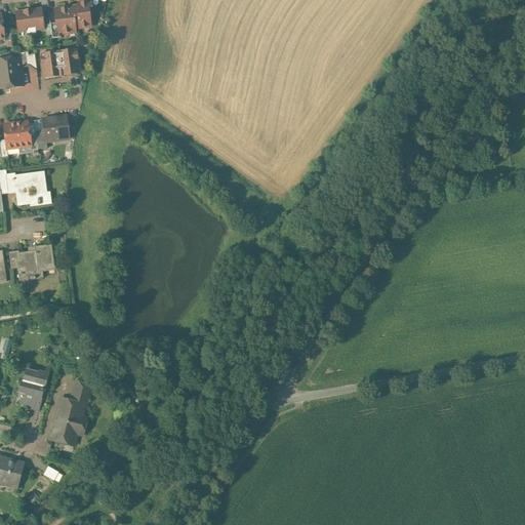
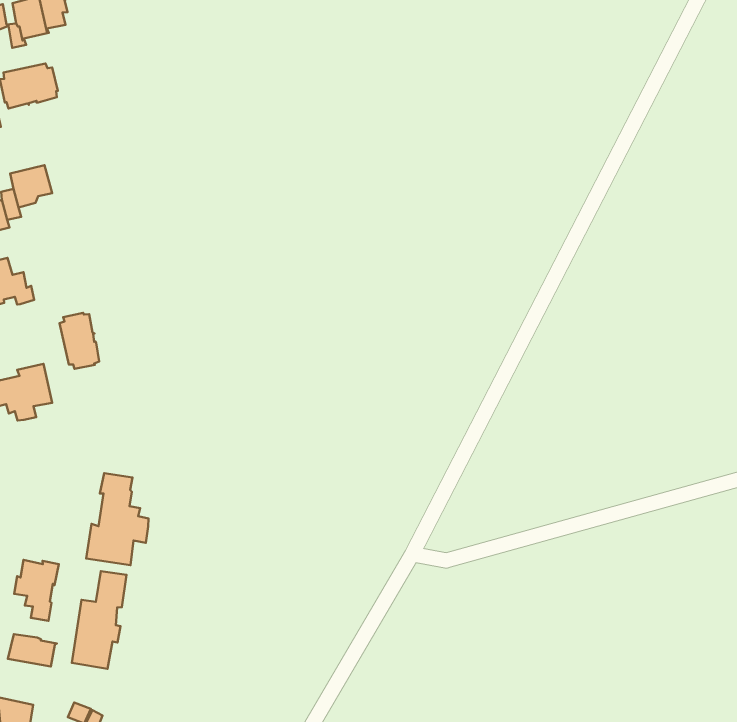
building: none -> [59,313,99,369]
building: none -> [86,473,149,565]
building: none -> [8,634,57,667]

